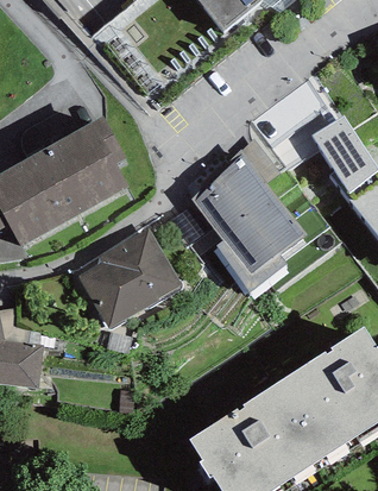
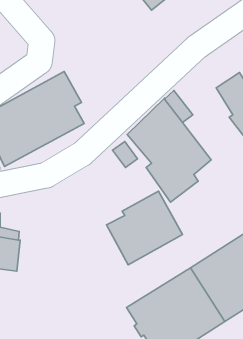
building: [76,229,181,331] -> [107,191,183,265]

